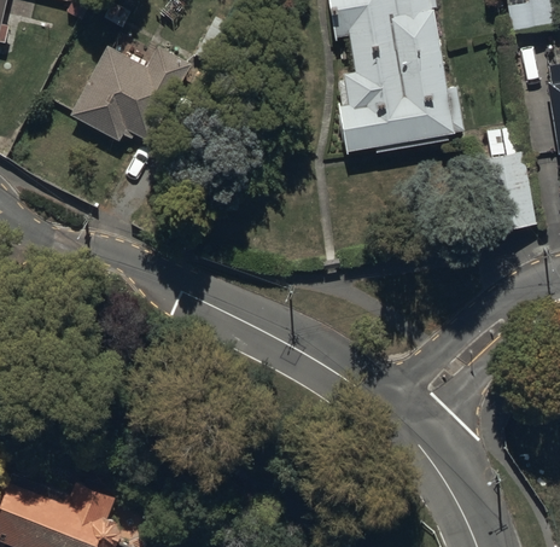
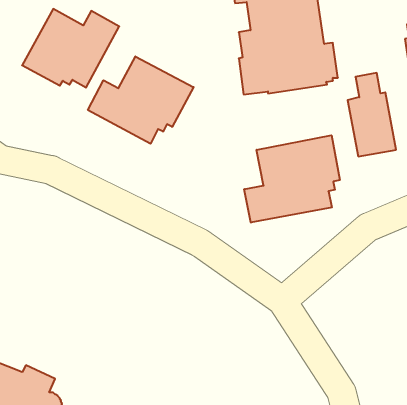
building: none -> [88,56,194,144]
building: none -> [244,135,340,223]

